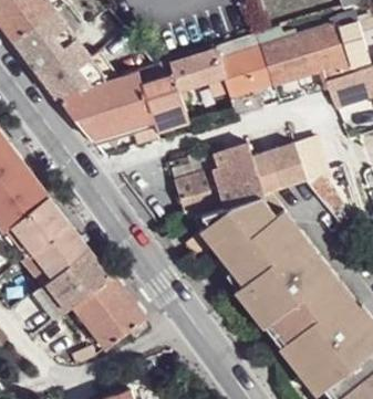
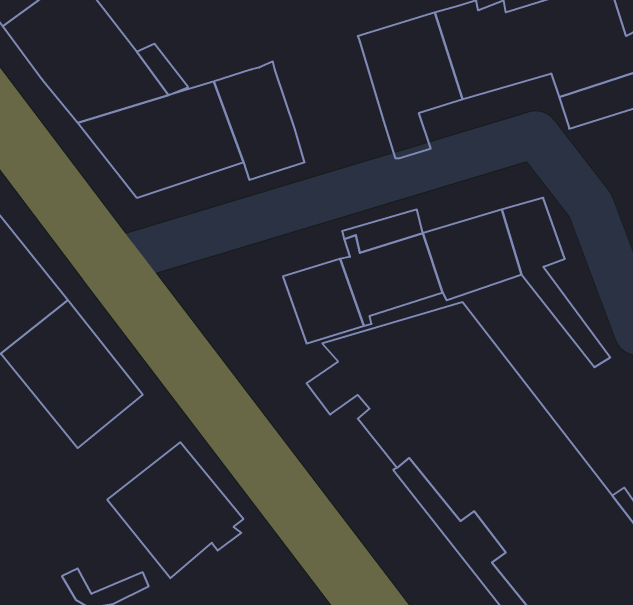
building: [166,51,227,102] -> none
building: [32,249,113,323] -> none

